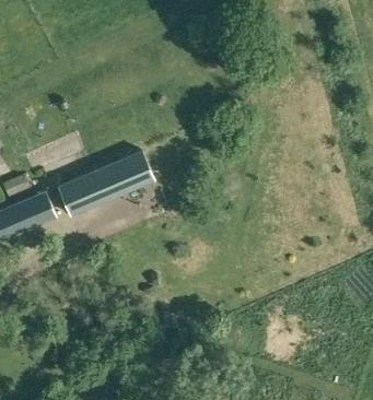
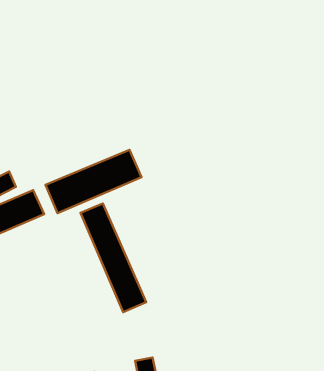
building: none -> [80,203,146,312]

